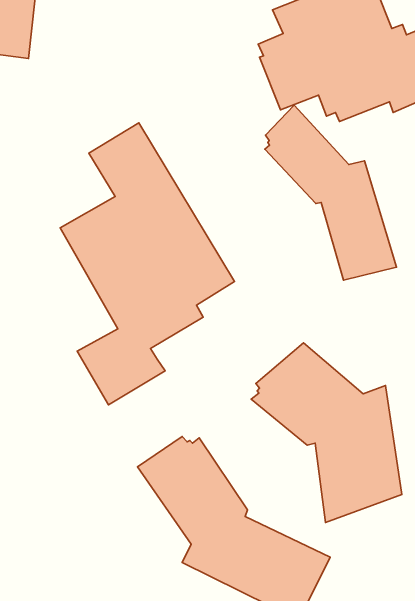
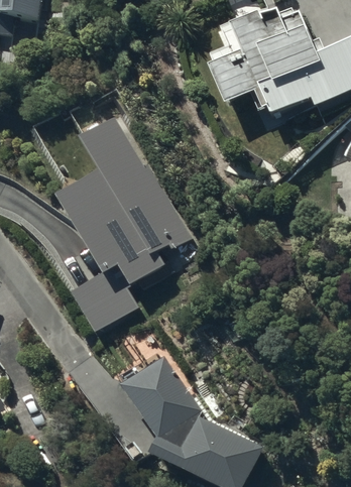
building: [265,105,397,280] -> none
building: [251,343,402,523] -> none

